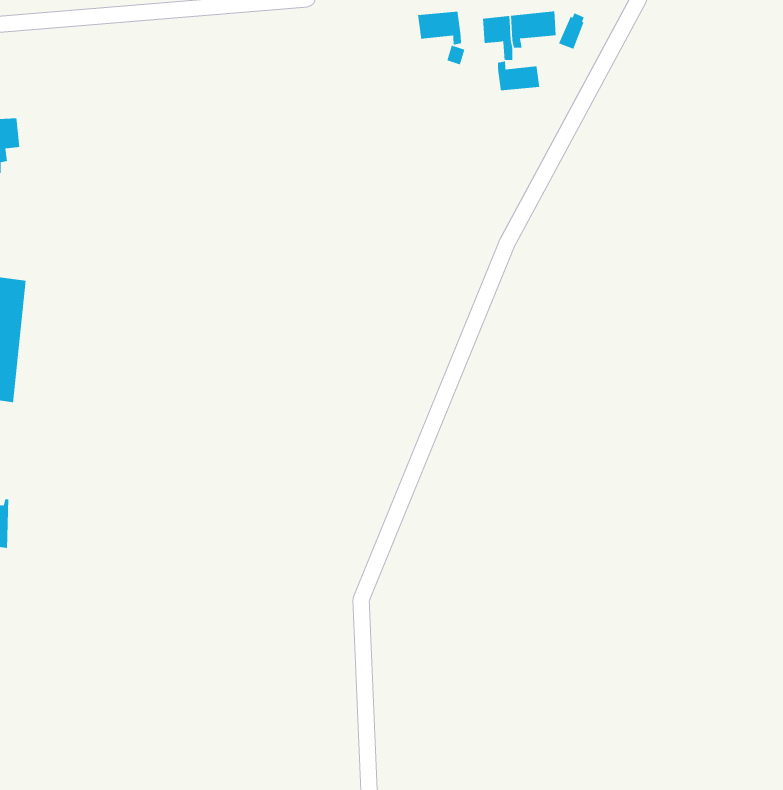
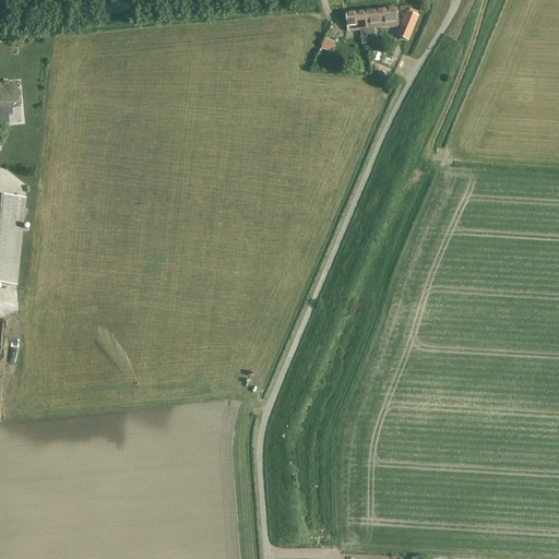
building: [418,11,461,46] -> none
building: [498,60,540,91] -> none

